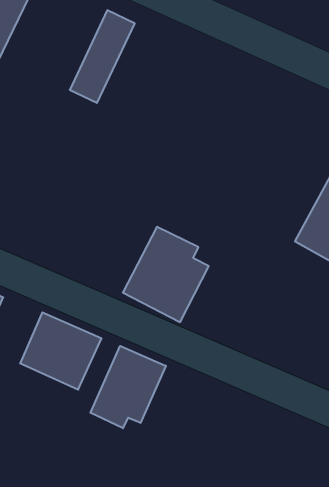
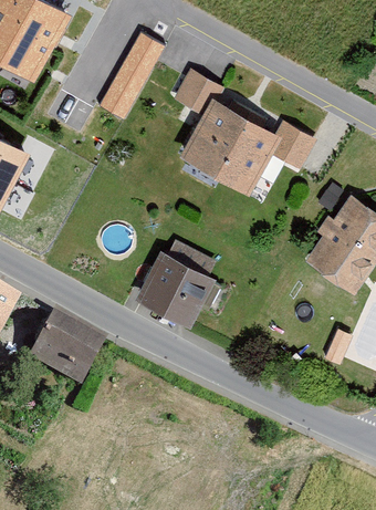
building: none -> [175,70,315,194]
building: [91,346,166,428] -> none

